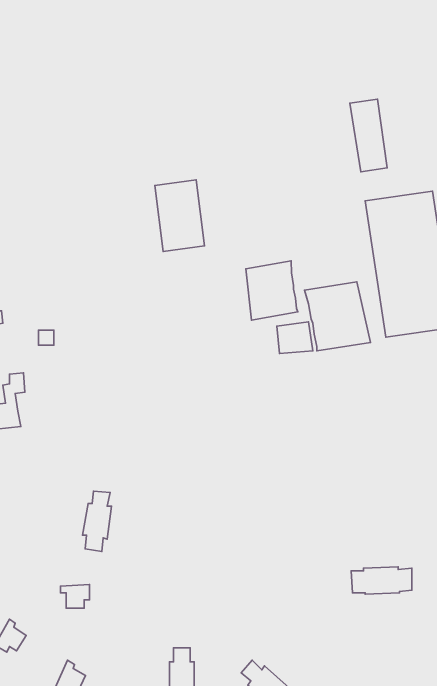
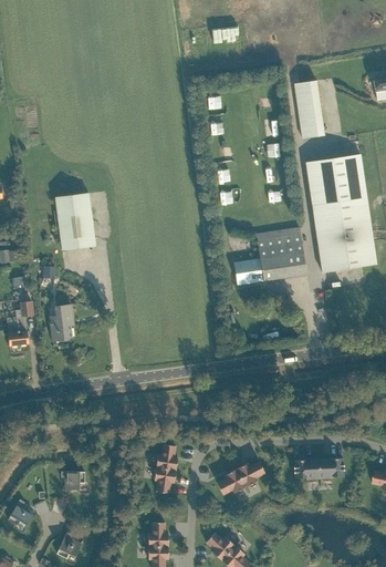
building: [155,180,204,251] -> [56,193,96,250]
building: [246,261,298,320] -> none
building: none -> [50,305,72,341]
building: [83,491,111,552] -> [154,444,177,493]
building: none -> [217,461,264,494]

